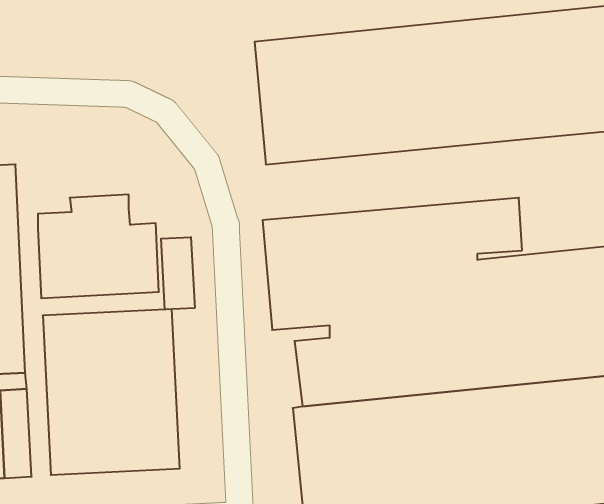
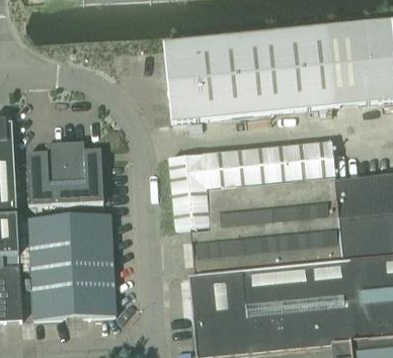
building: [161,237,195,310] -> none

